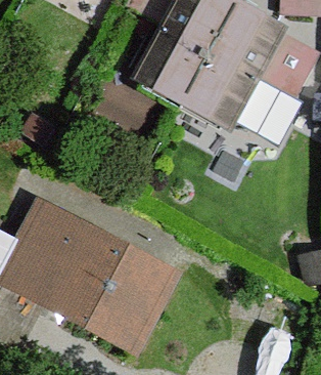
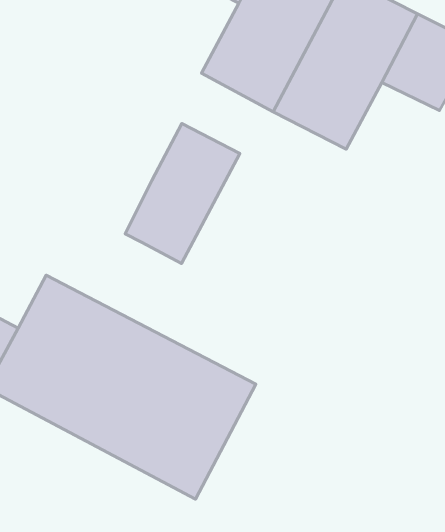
building: none -> [125,124,240,263]

